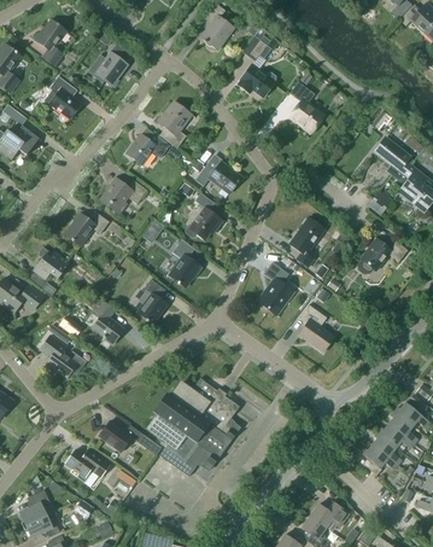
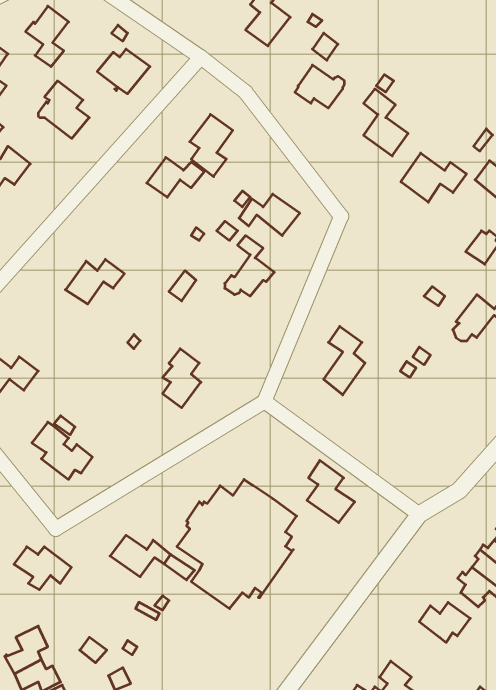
building: none -> [401,153,466,202]
building: [100,179,147,214] -> none
building: [289,219,323,267] -> none
building: [169,239,201,286] -> none
building: [33,246,69,279] -> none
building: [92,299,123,344] -> none
building: [298,304,334,351] -> [307,460,355,523]
building: [65,449,109,482] -> [14,547,71,590]
building: [310,501,349,531] -> [419,602,470,642]

